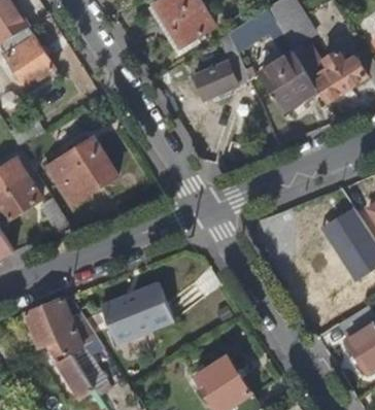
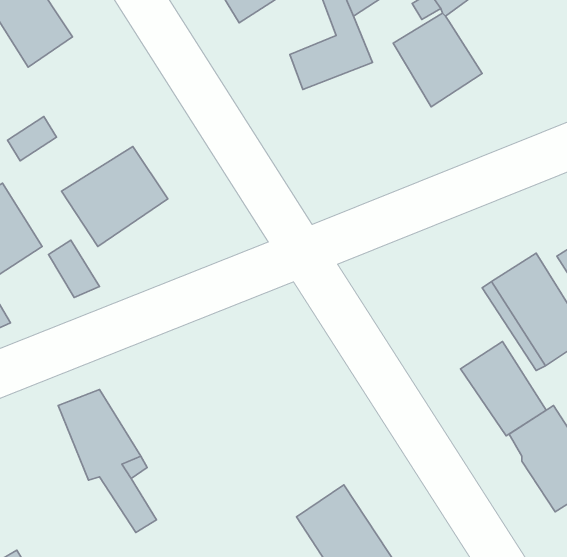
building: [298,46,368,101] -> none
building: none -> [460,341,546,436]
building: [103,282,175,343] -> none
building: [26,305,95,398] -> none

